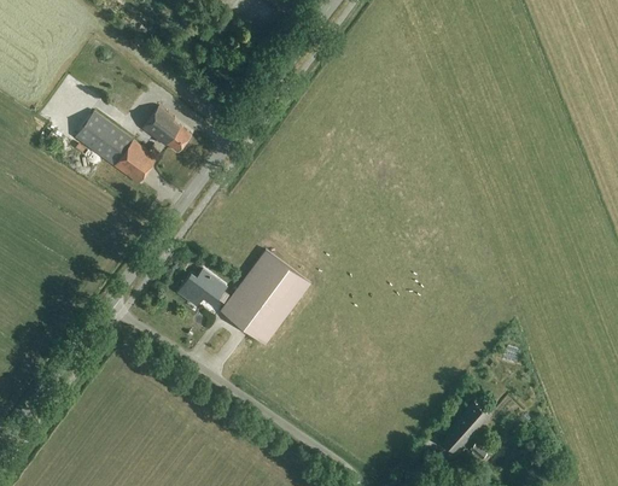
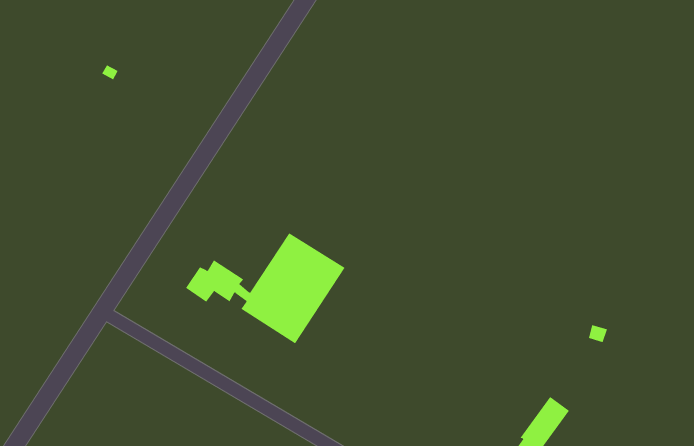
building: [141,105,191,151] -> none
building: [70,111,157,182] -> none

